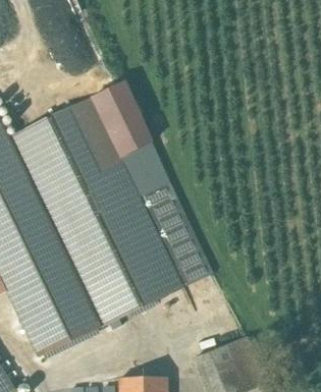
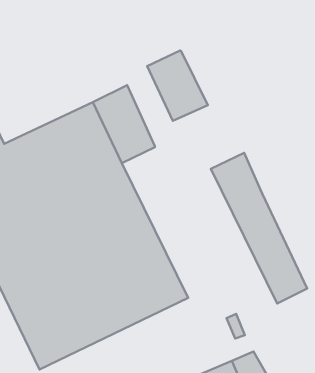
building: none -> [147,51,208,121]
building: [119,143,211,286] -> [211,153,307,304]

